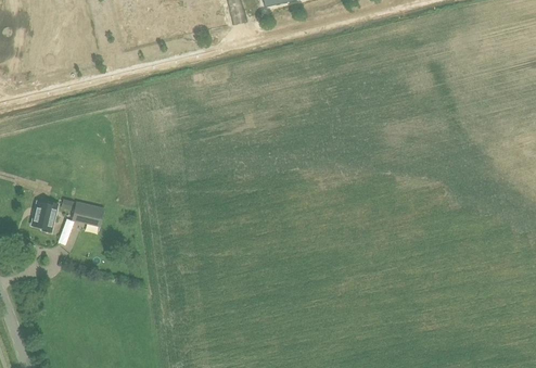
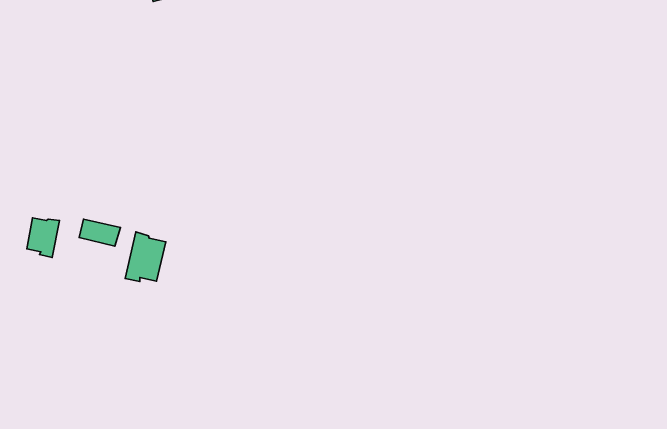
building: none -> [125,232,166,281]

